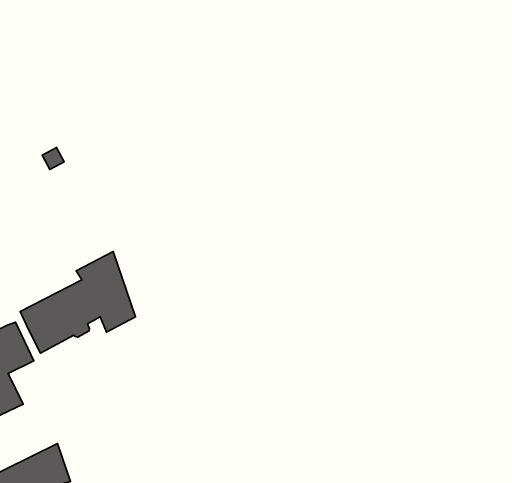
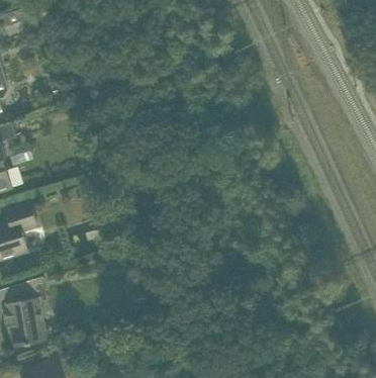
building: [20,251,135,353] -> none

